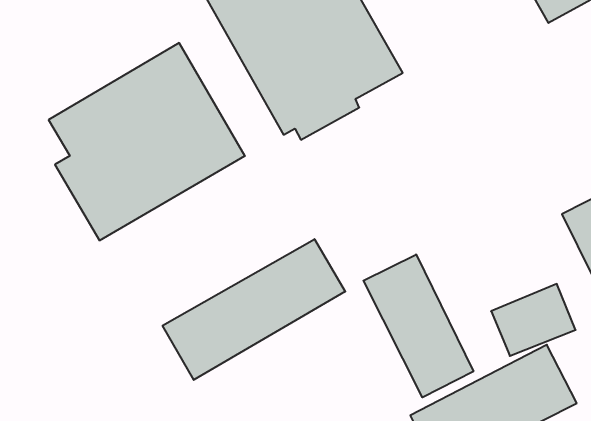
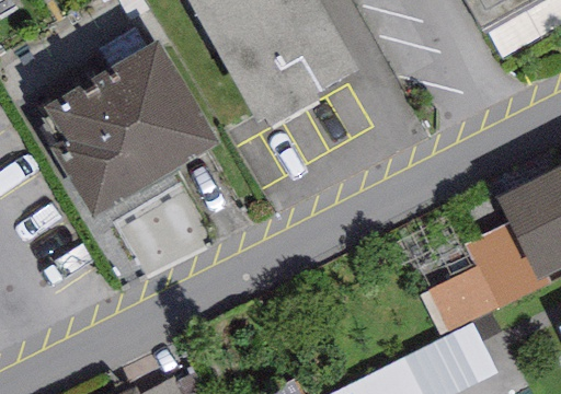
building: [163,239,345,380] -> none
building: [363,254,473,397] -> none

